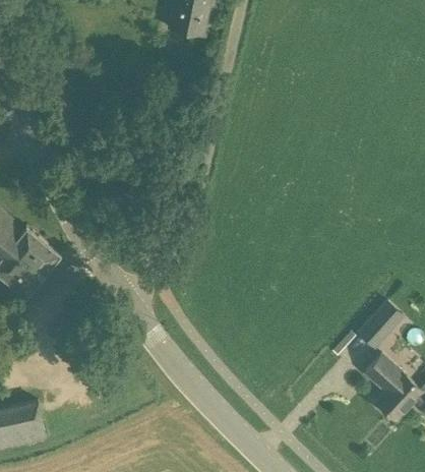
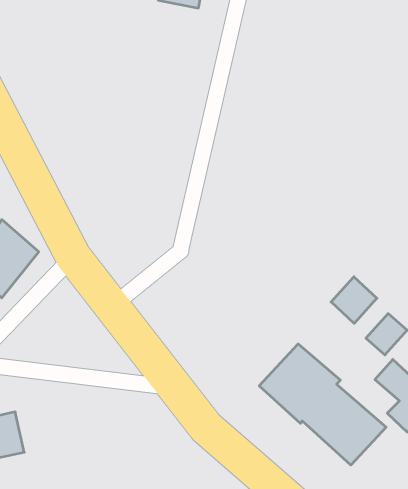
building: none -> [331,277,377,323]
building: none -> [259,344,386,465]

